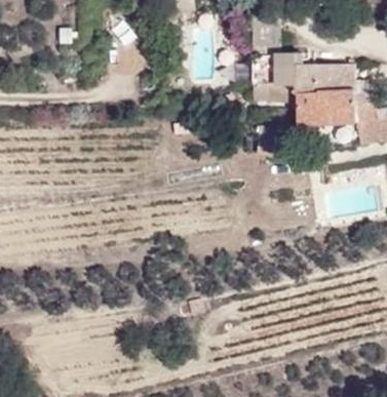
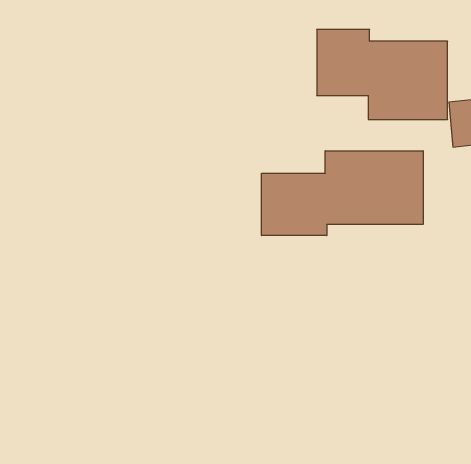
building: none -> [262,151,423,236]

